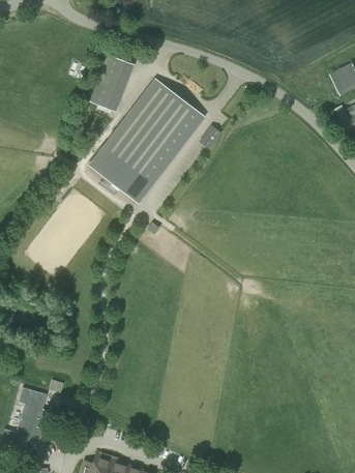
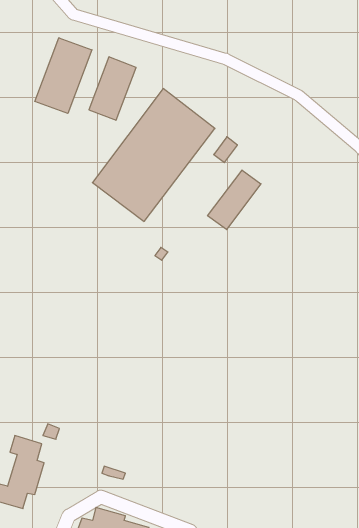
building: none -> [35,38,92,113]
building: none -> [208,170,261,230]

